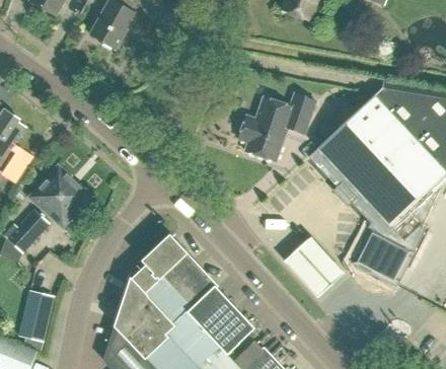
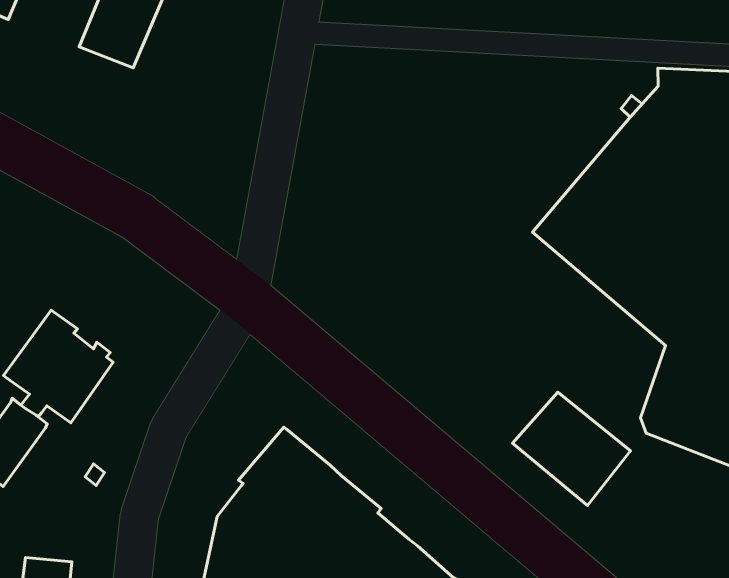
building: [238,94,316,162] -> none

